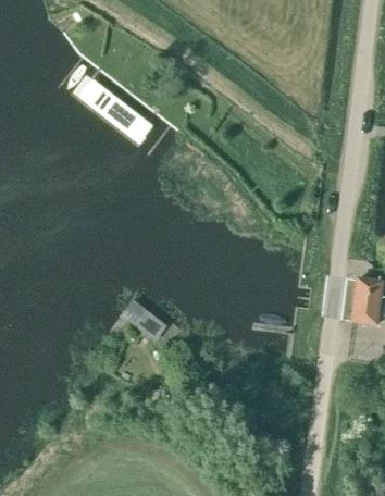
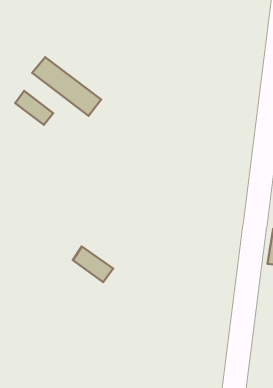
building: none -> [15,91,53,125]

